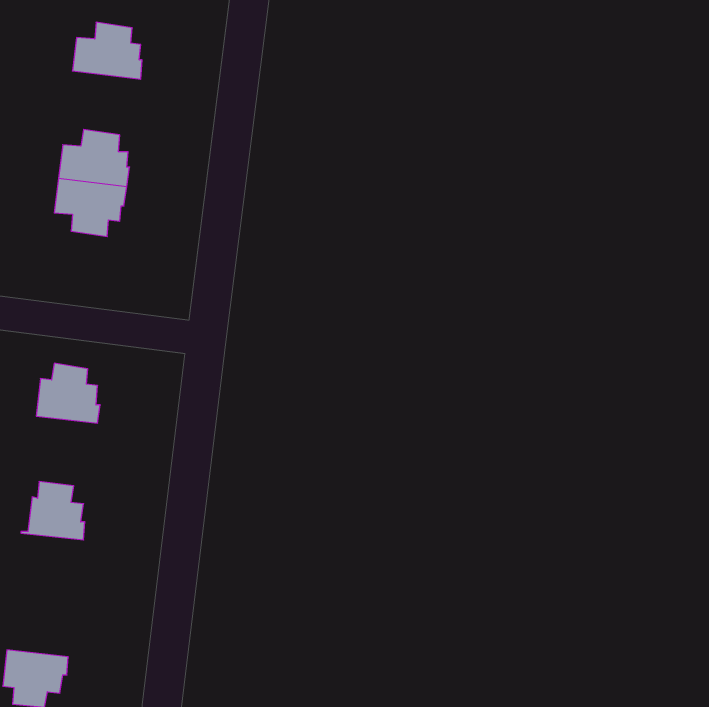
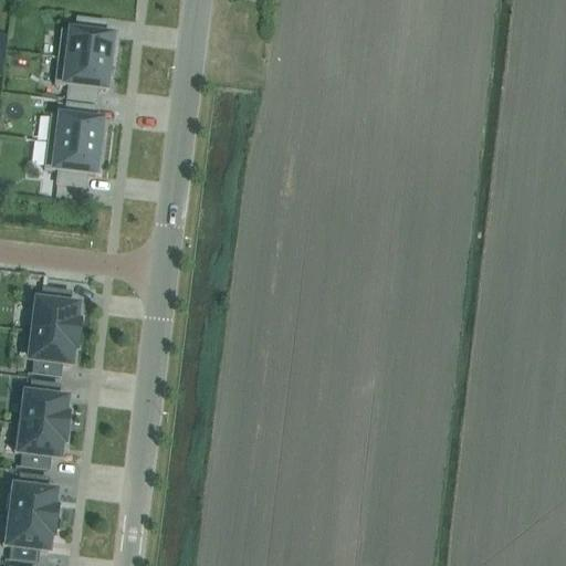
building: none -> [56,56,114,103]
building: none -> [31,331,80,377]
building: none -> [15,423,69,470]
building: none -> [8,475,59,522]

